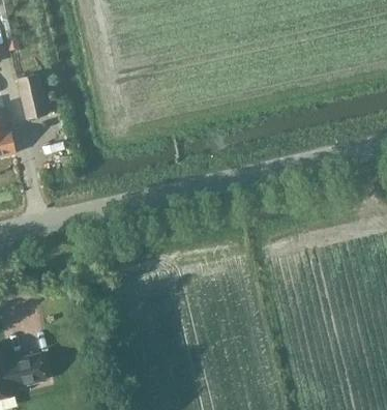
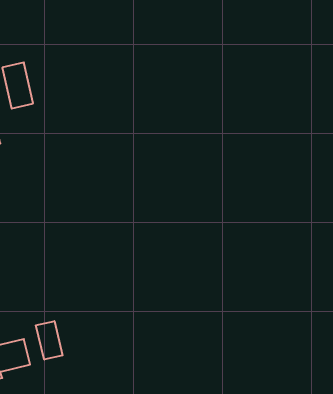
building: none -> [36,321,63,360]

